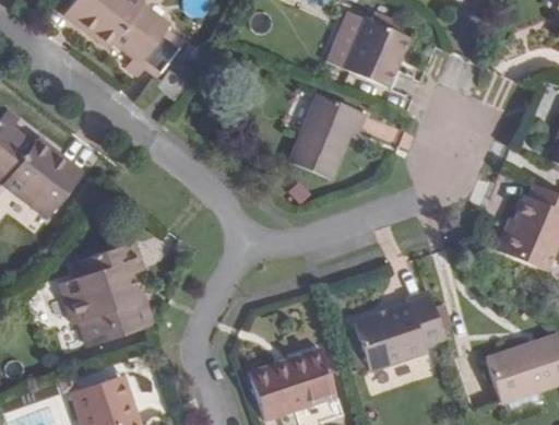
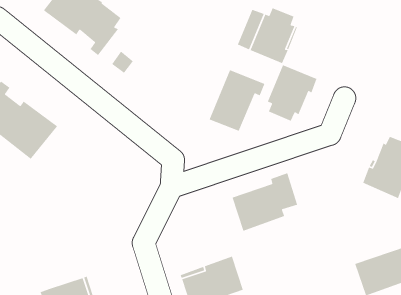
building: none -> [267,64,317,122]
building: [59,241,153,346] -> none
building: [353,290,443,370] -> [231,172,298,232]

